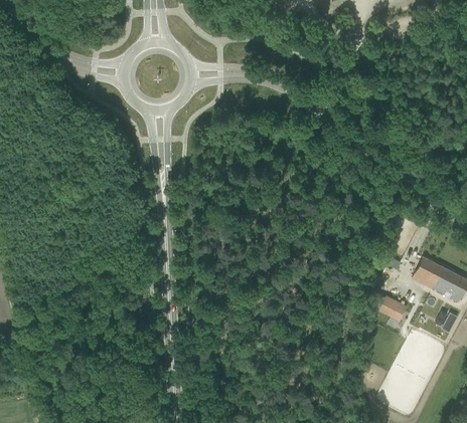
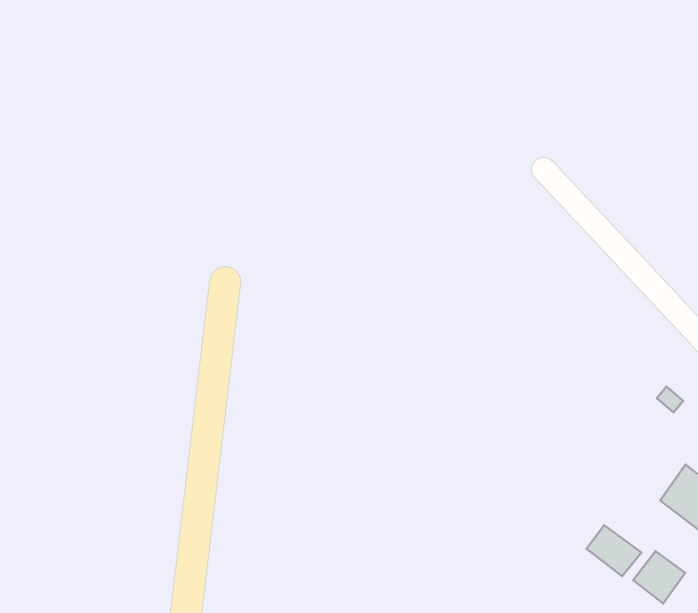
building: none -> [633,551,685,603]

